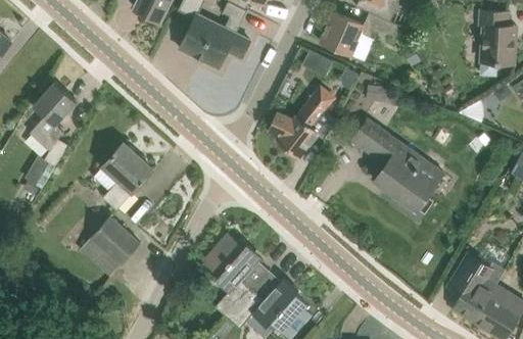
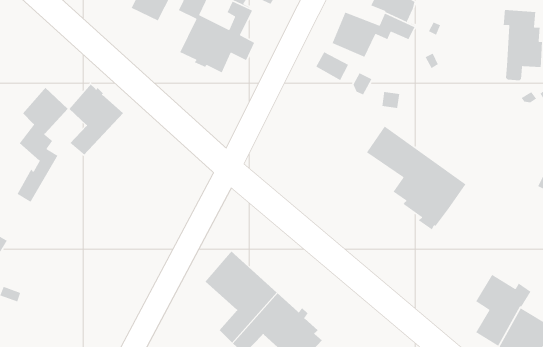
building: [268,86,336,159] -> none
building: [102,143,153,209] -> [69,83,124,155]
building: [81,215,140,276] -> none

